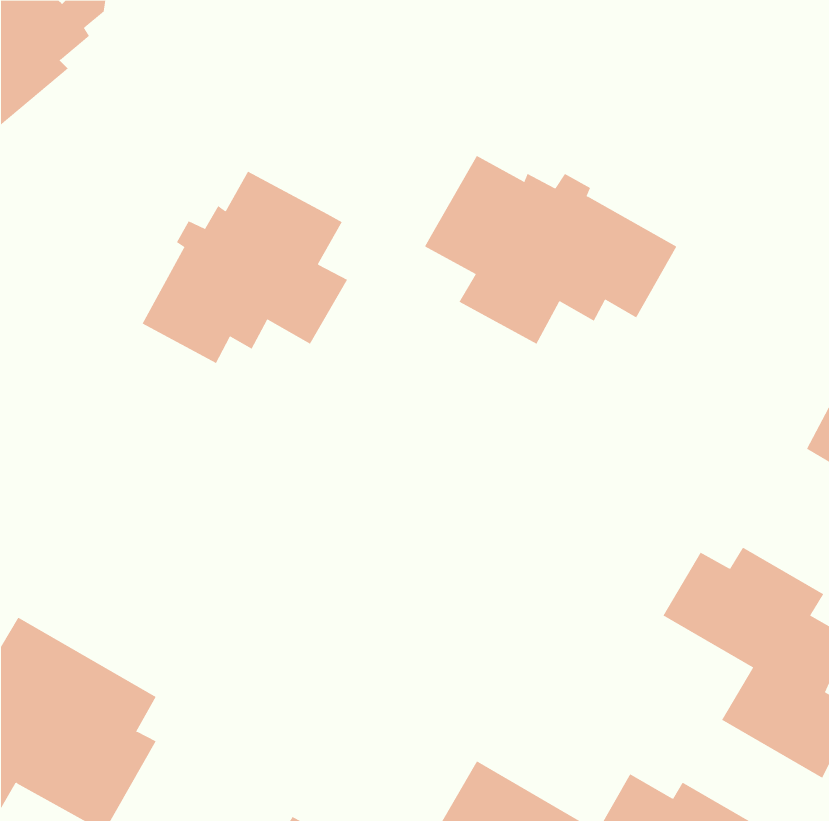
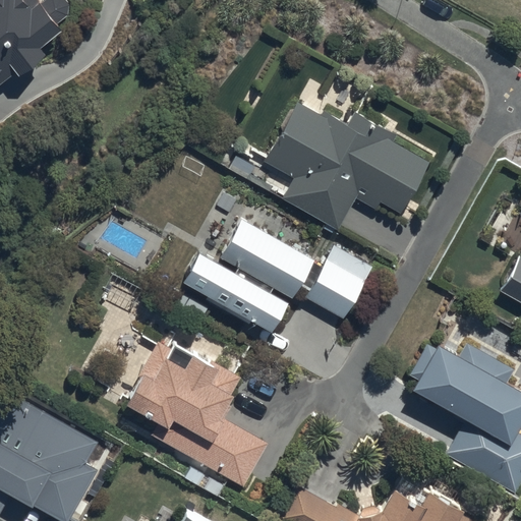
building: [142,171,348,364] -> none
building: none -> [181,223,358,321]
building: none -> [136,351,260,483]

